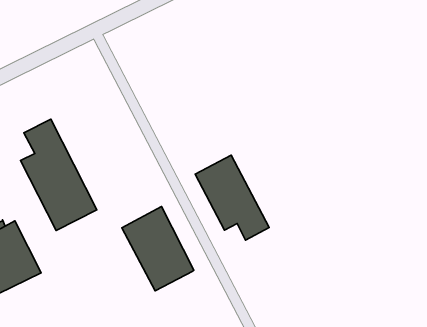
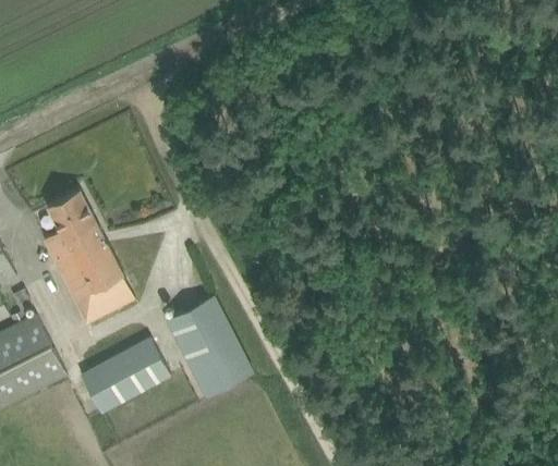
building: [195,155,269,240] -> none
building: none -> [80,338,170,414]

